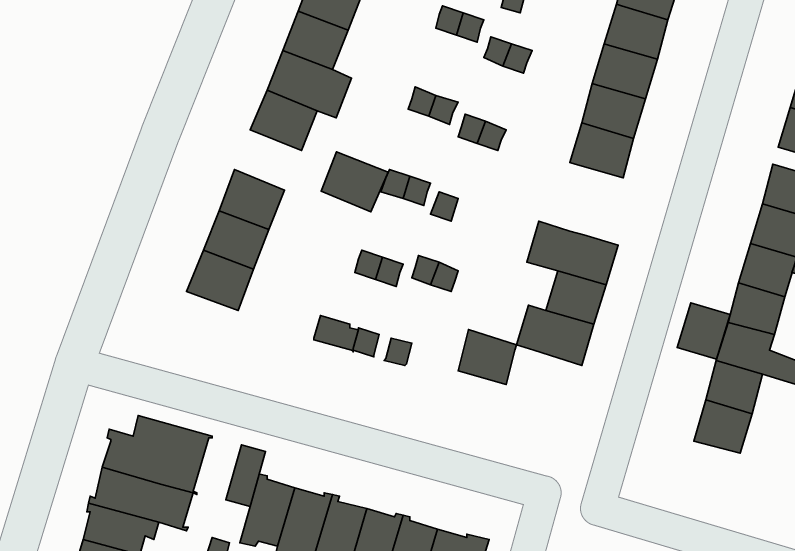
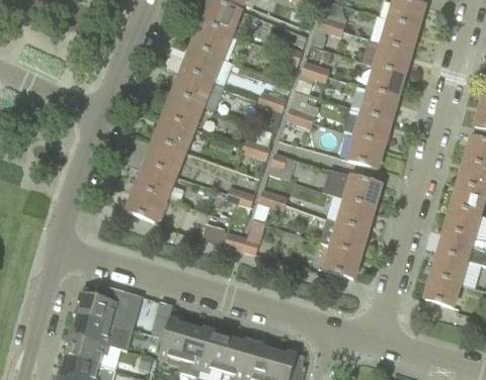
building: [321,152,388,212] -> [155,115,194,151]
building: none -> [345,134,384,167]
building: [677,303,730,359] -> none
building: [458,329,517,384] -> [325,245,359,277]

